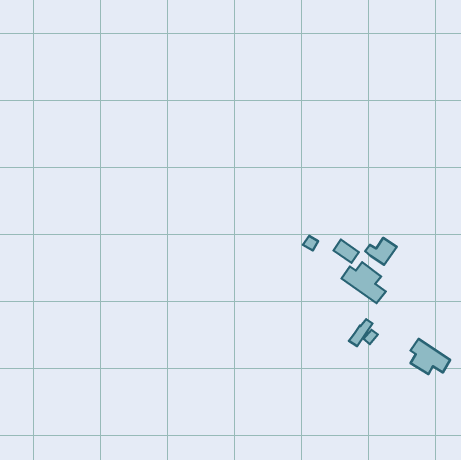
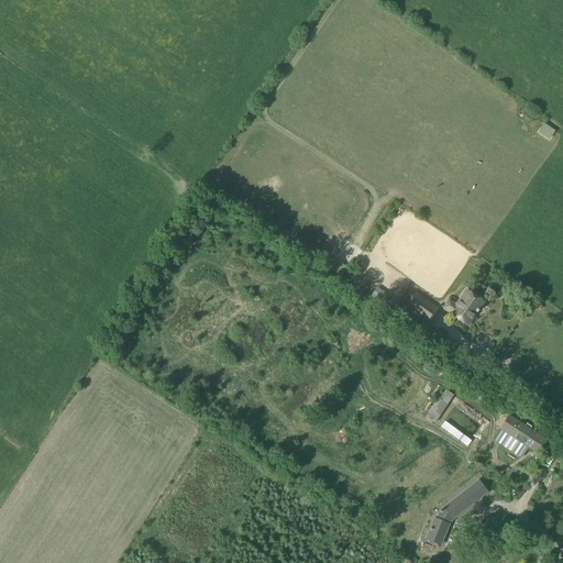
building: [342,262,386,303] -> none
building: none -> [427,479,488,542]

